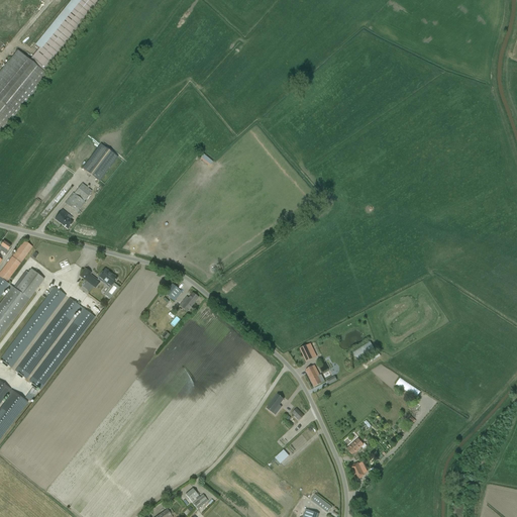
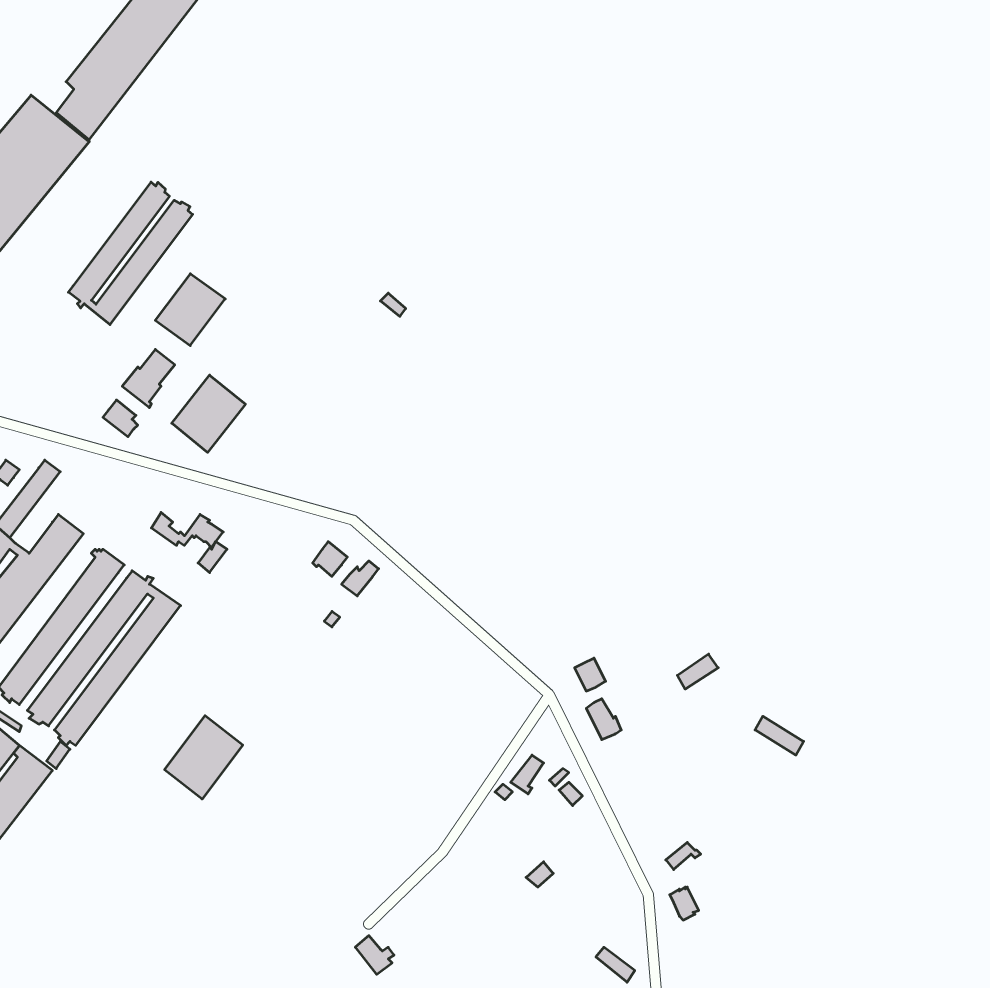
building: none -> [68,182,193,325]
building: none -> [172,375,245,452]
building: none -> [165,716,243,799]

